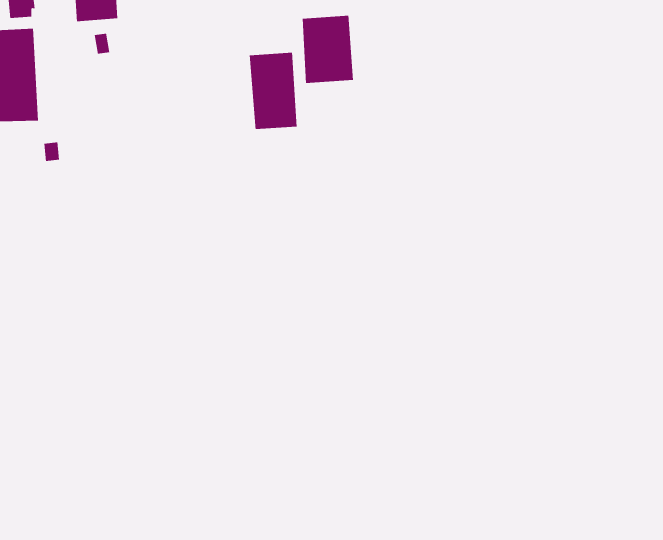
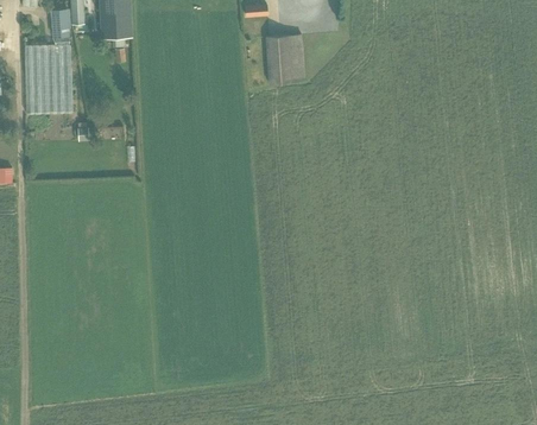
building: [249,52,297,130] -> none

